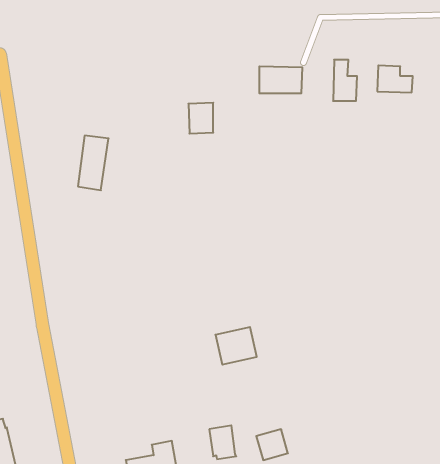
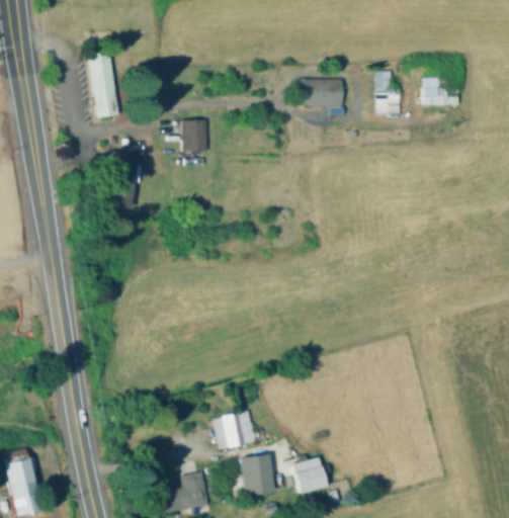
building: none -> [87,53,118,119]
building: [188,103,213,134] -> [180,119,206,152]
building: [215,327,257,365] -> [211,410,255,449]

